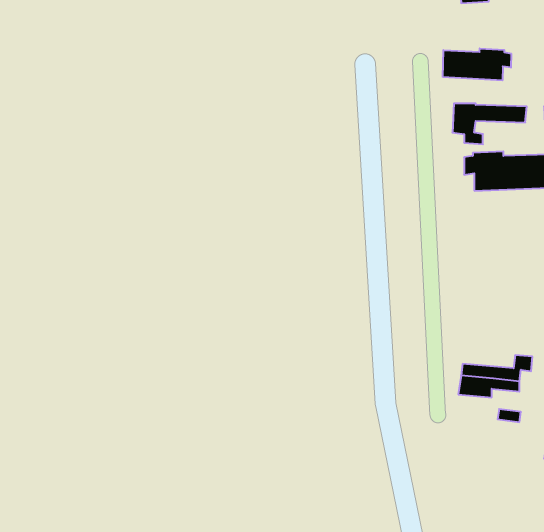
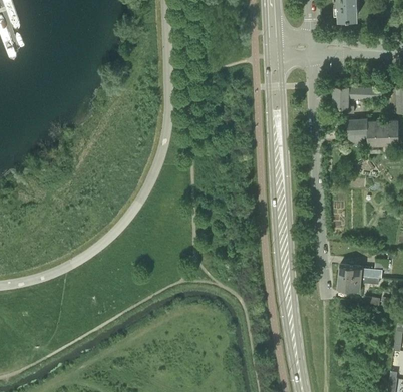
building: [443,48,511,80] -> none

